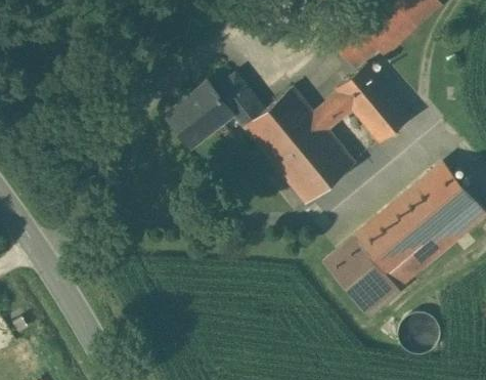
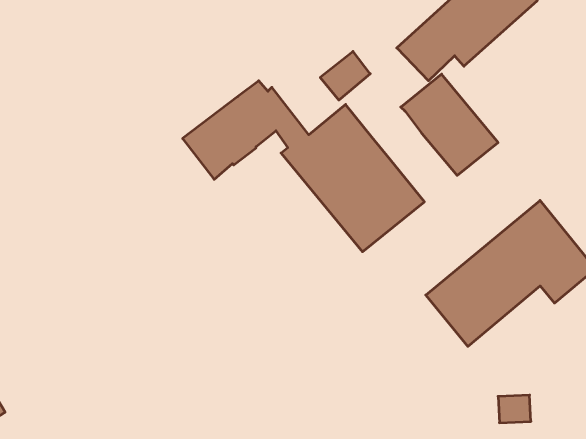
building: [312,92,351,130] -> [320,51,370,100]
building: [322,228,454,315] -> none

